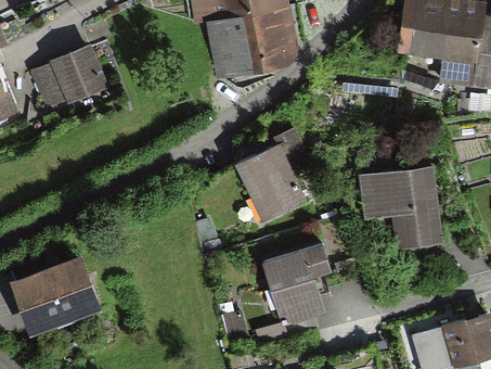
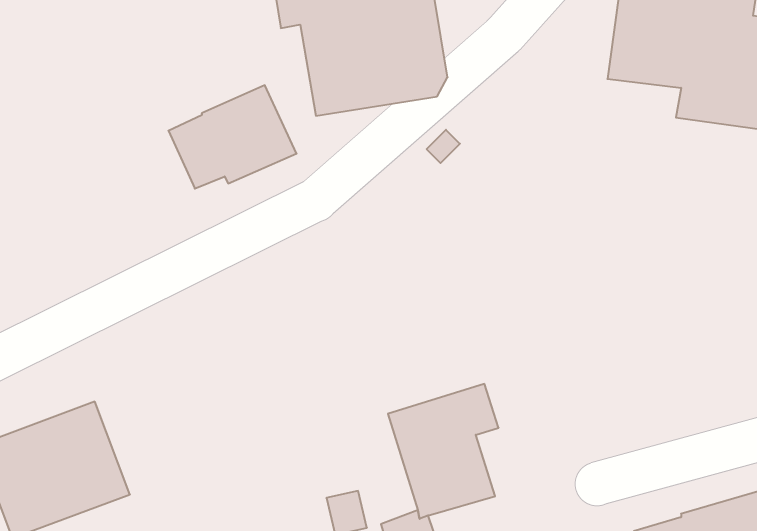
building: [29,44,108,109] -> [168,85,297,189]
building: [214,127,313,219] -> none
building: [360,166,443,249] -> none

